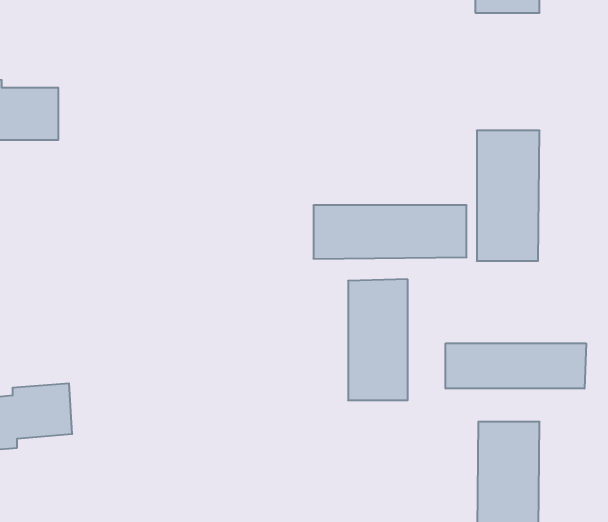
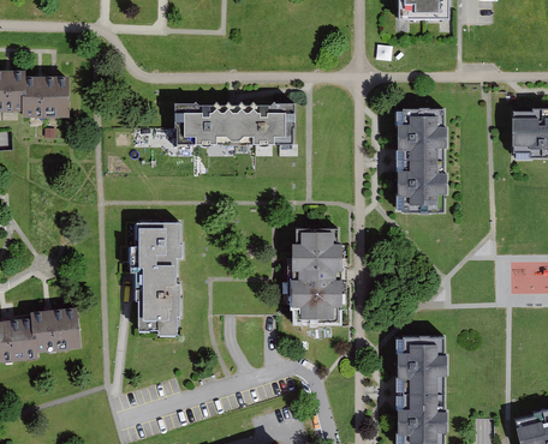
building: [313,205,467,259] -> [174,102,294,144]
building: none -> [132,223,183,336]
building: [446,343,586,389] -> none

